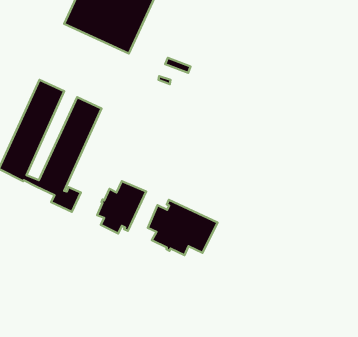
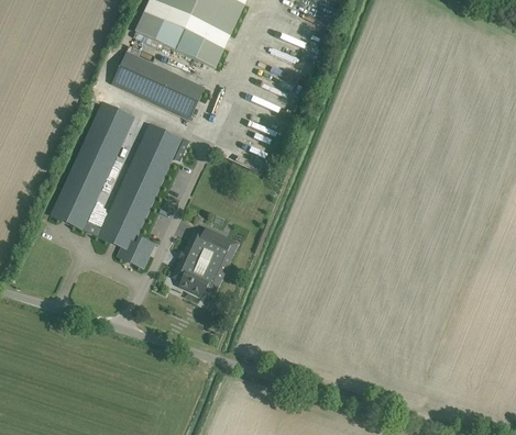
building: none -> [111,49,205,119]
building: [148,200,218,255] -> none

